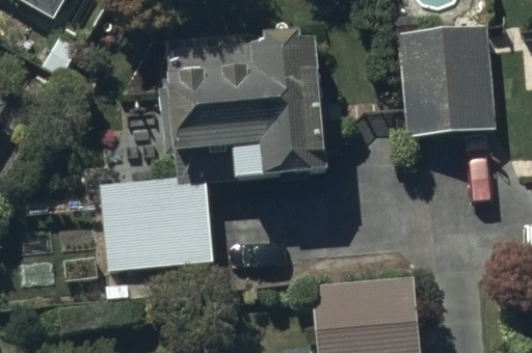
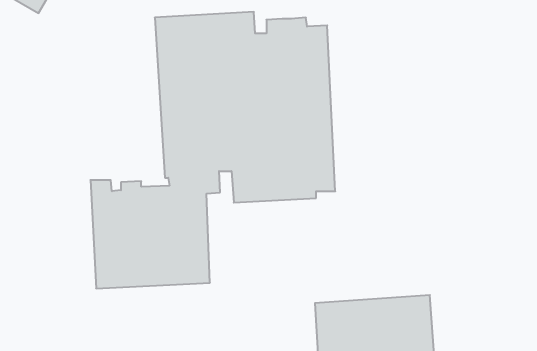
building: [397,23,497,138] -> none

